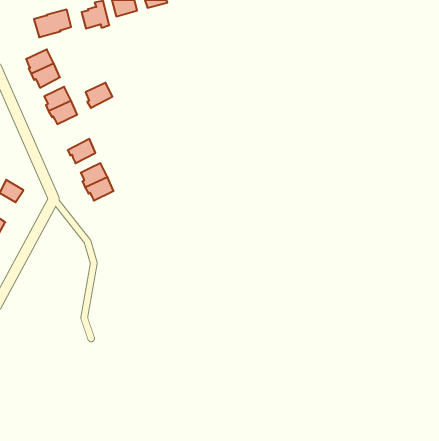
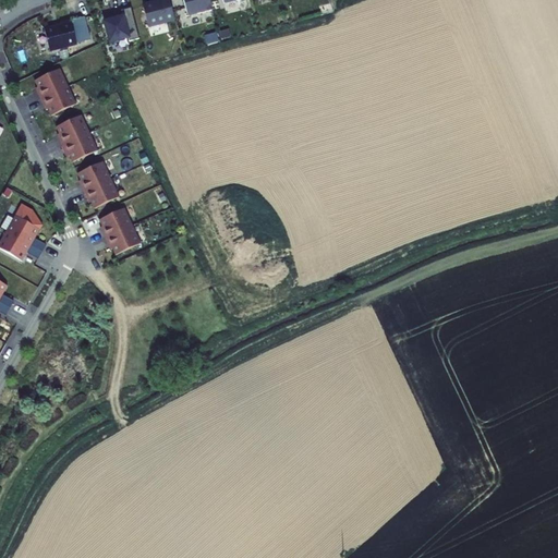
building: [86,83,112,108] -> [78,160,112,192]
building: none -> [8,214,38,242]

